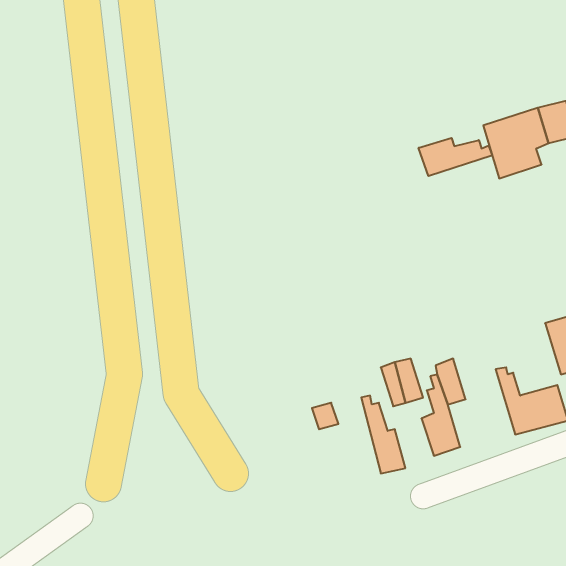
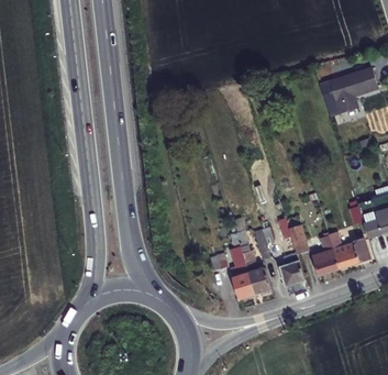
building: [419,138,492,176] -> none
building: none -> [311,232,339,279]
building: none -> [232,250,255,302]

